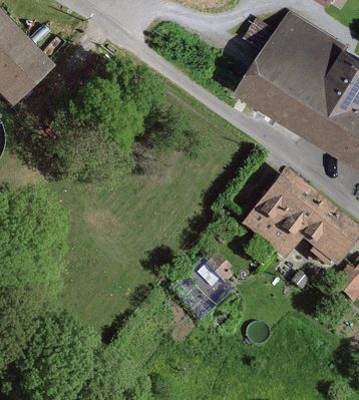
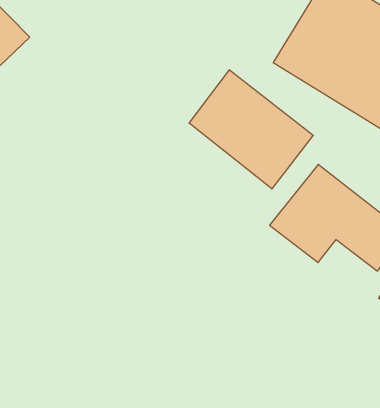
building: none -> [189,70,313,189]

